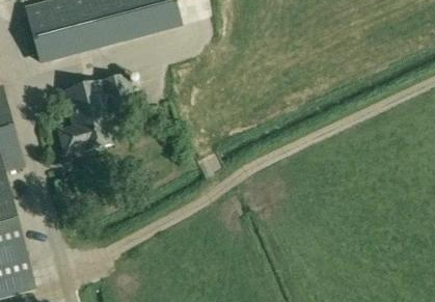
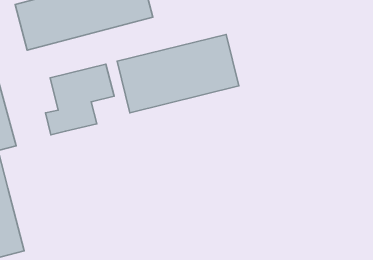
building: none -> [117,34,239,113]

